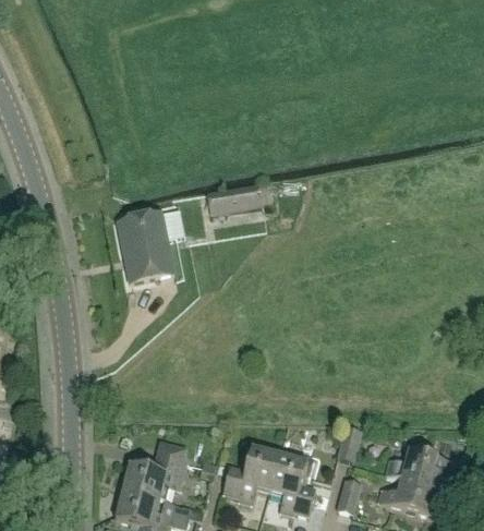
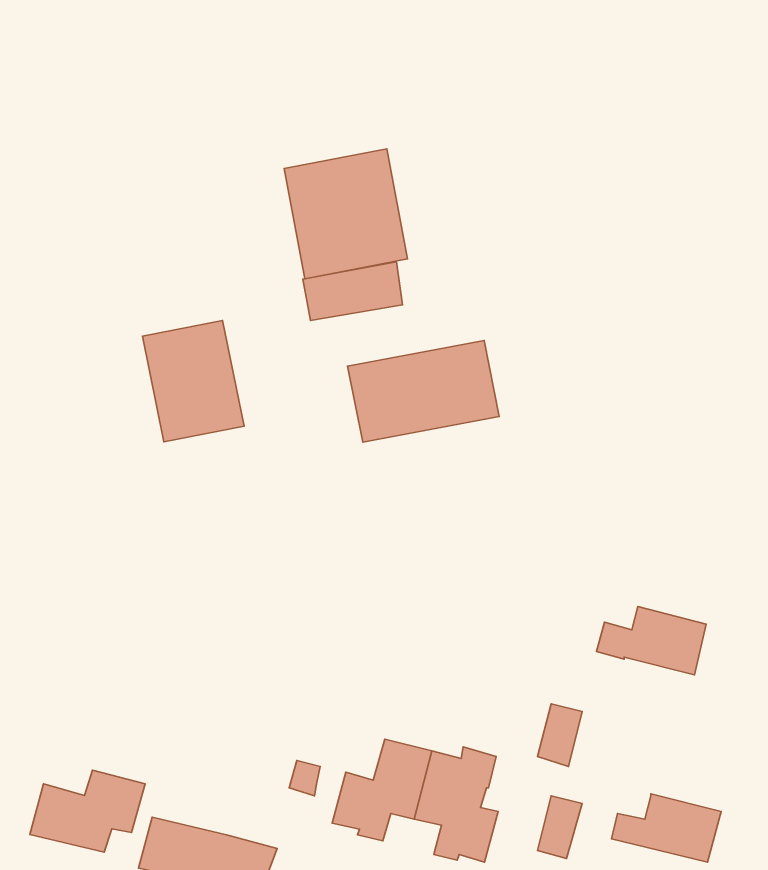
building: none -> [284,149,407,279]
building: none -> [348,341,499,442]
building: [385,449,446,487] -> [597,606,706,675]
building: [122,455,186,500] -> [30,770,145,852]

